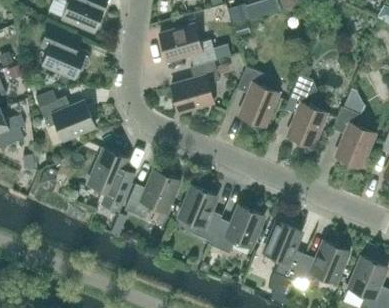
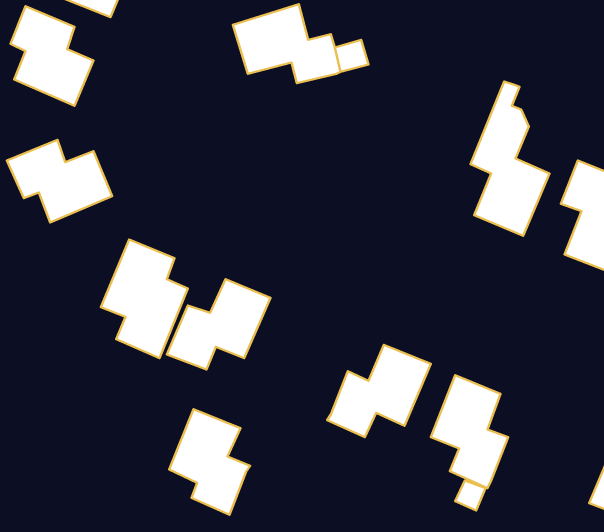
building: [171,61,219,113] -> none
building: [236,67,278,127] -> none
building: [179,186,222,242] -> [169,409,250,515]
building: [296,241,348,285] -> none

